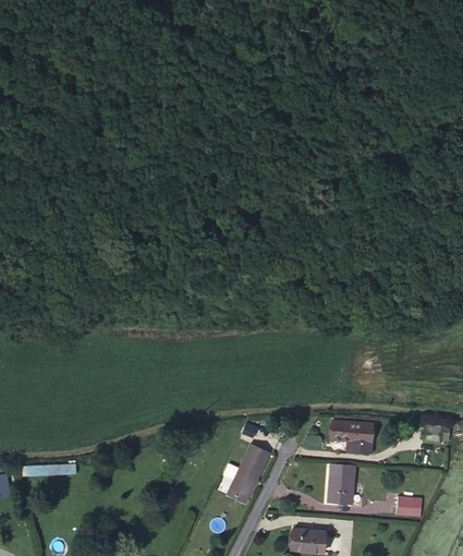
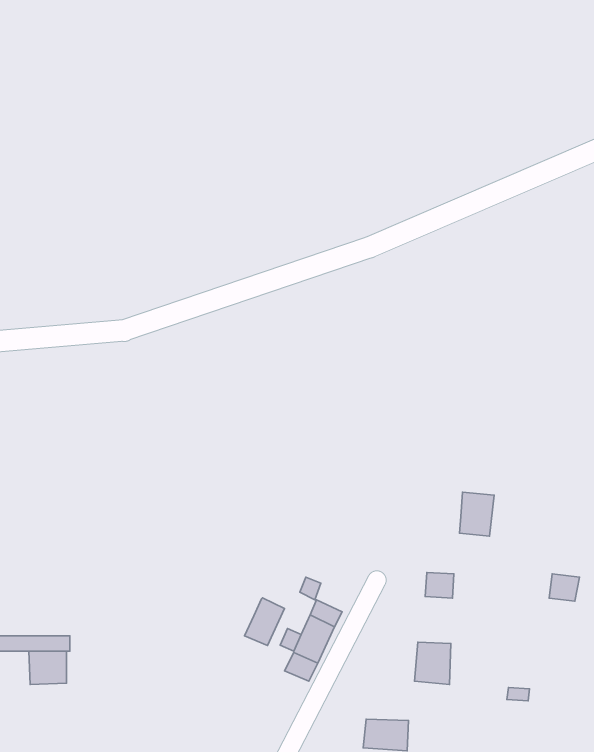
building: [351,421,376,452] -> [459,492,494,536]
building: none -> [245,598,284,645]
building: none -> [29,651,67,684]

